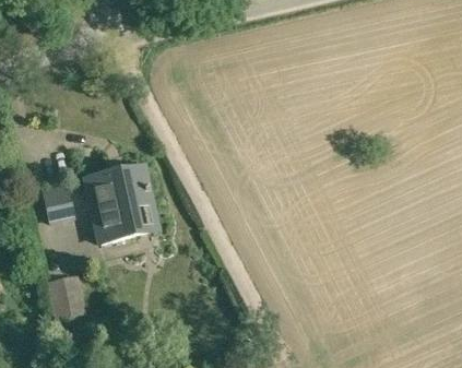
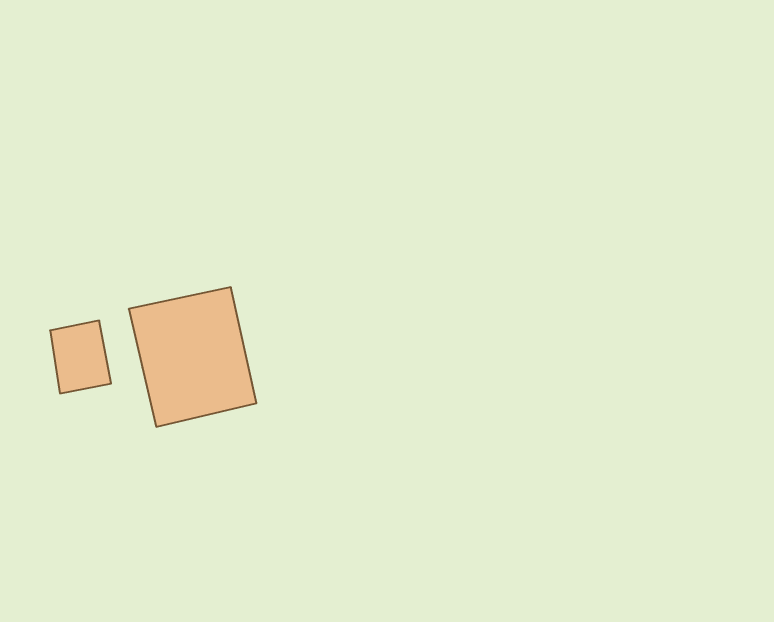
building: [45,274,85,319] -> none

